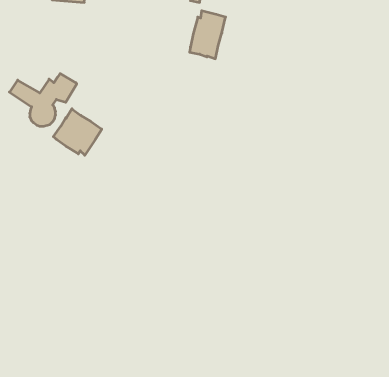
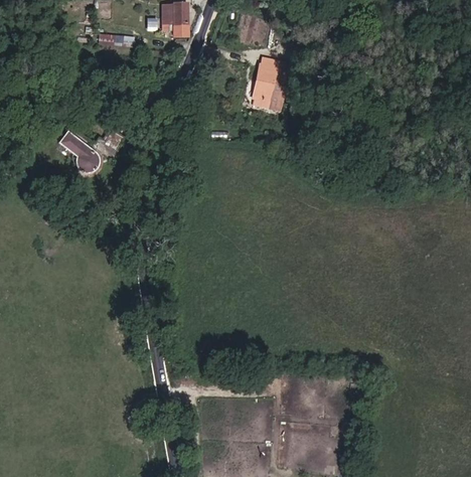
building: [53,109,102,155] -> none

